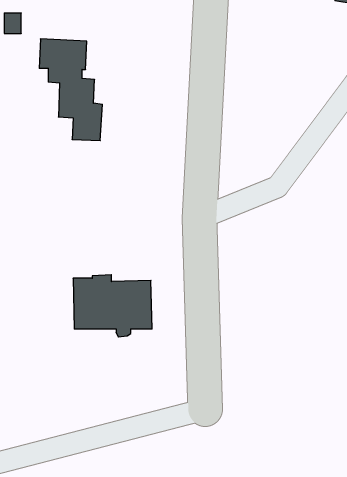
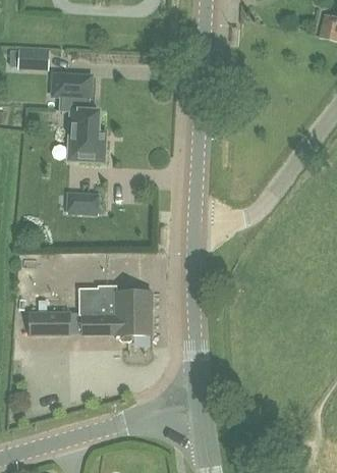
building: none -> [66,191,98,215]
building: none -> [27,310,70,334]

